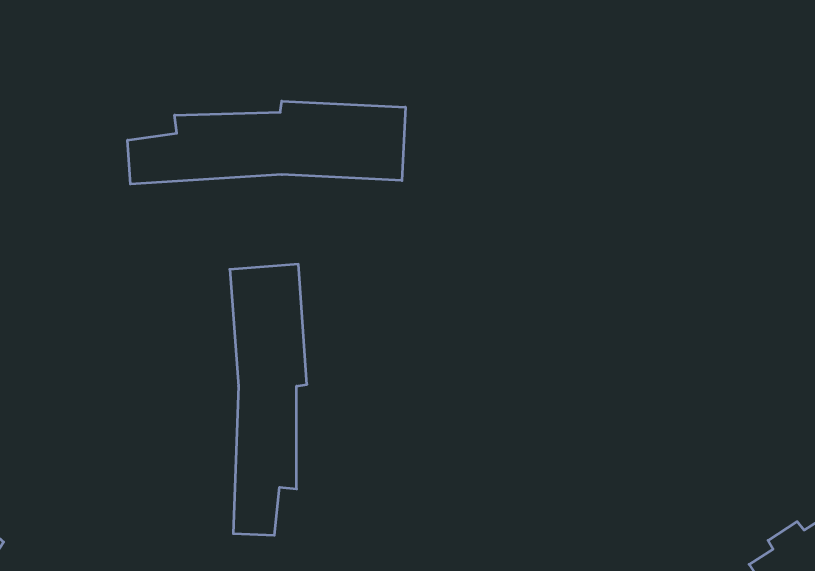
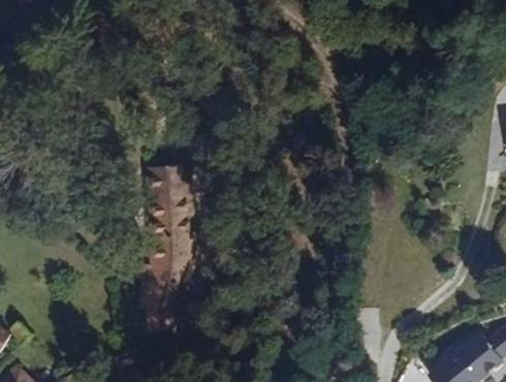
building: [128,101,405,184] -> none

